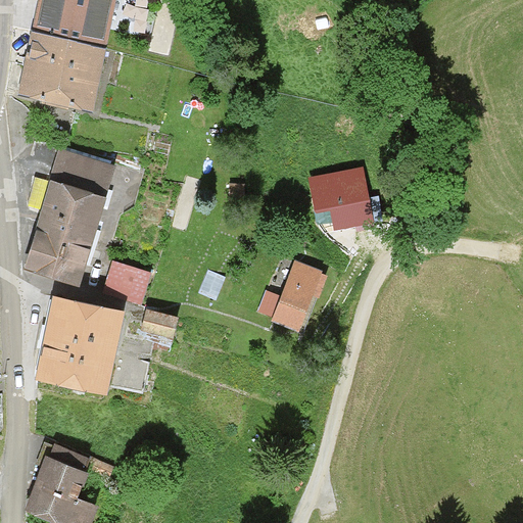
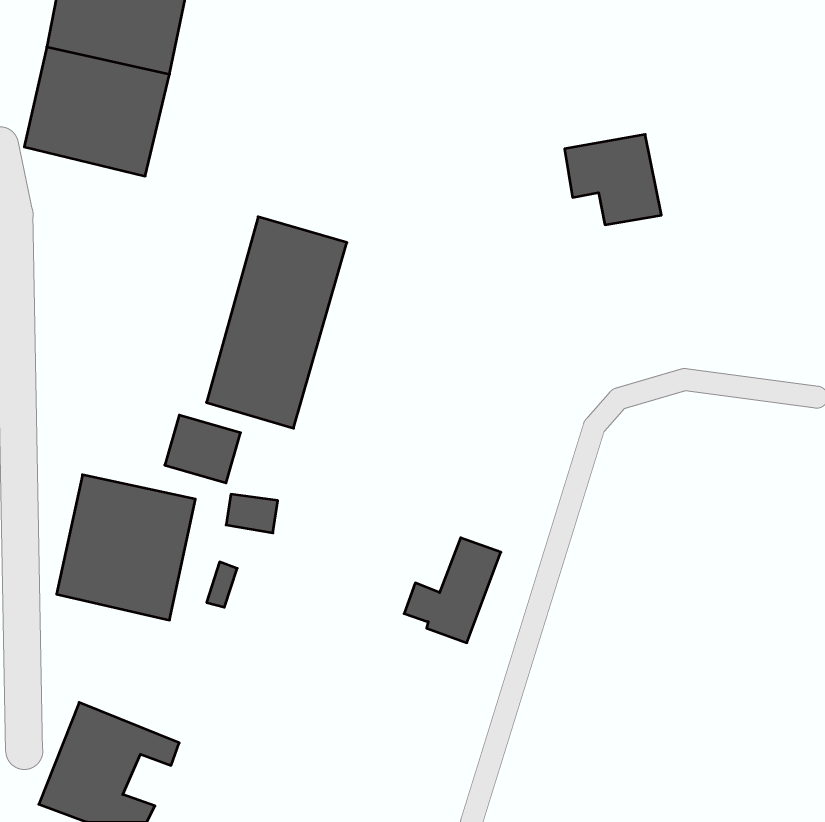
building: [25,149,113,283] -> [206,217,347,428]
building: [311,169,372,226] -> [565,134,661,225]
building: [259,262,321,328] -> [404,538,501,643]

